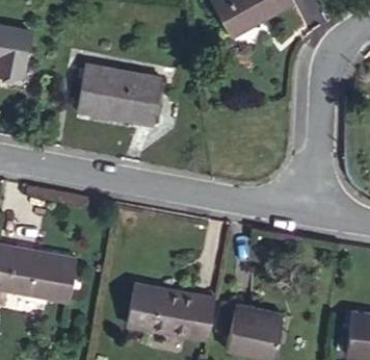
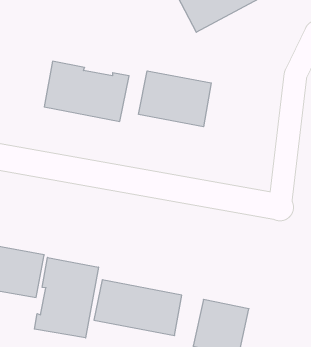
building: none -> [139,71,211,127]
building: none -> [34,257,98,338]

